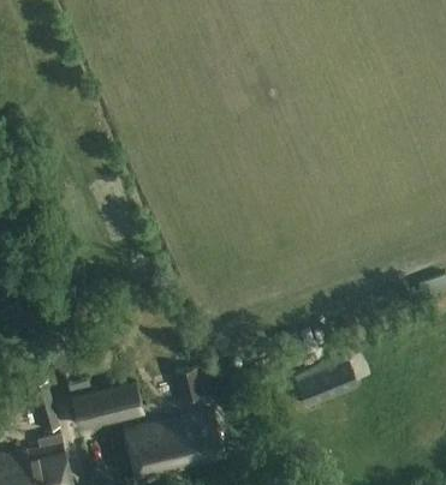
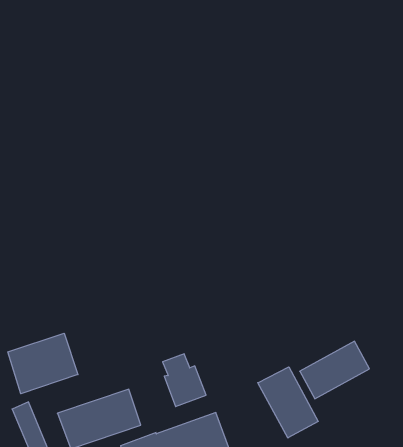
building: none -> [8,333,78,394]
building: none -> [258,367,318,438]

